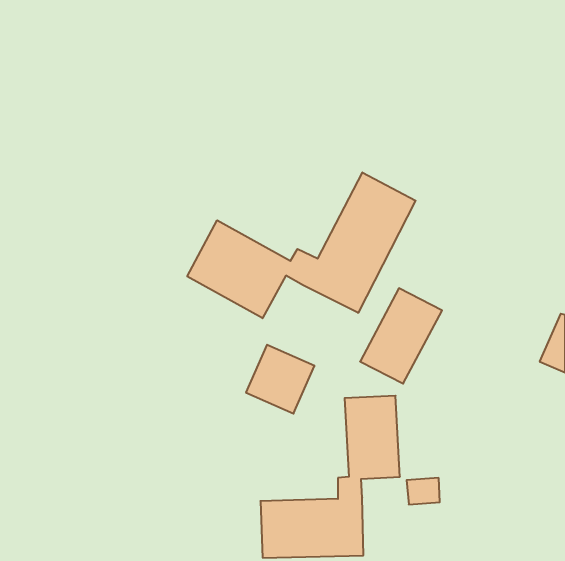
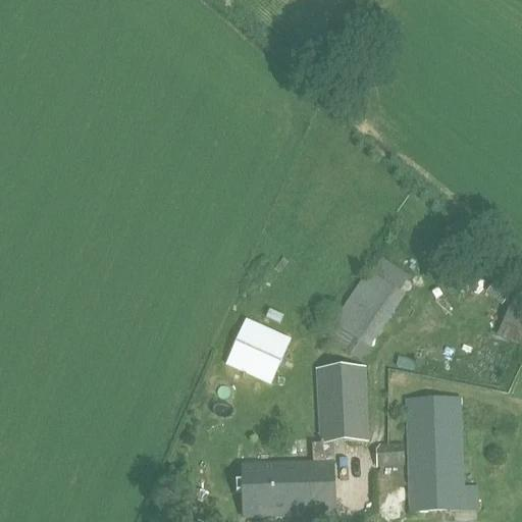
building: [187,172,416,318] -> none
building: none -> [407,395,476,510]

